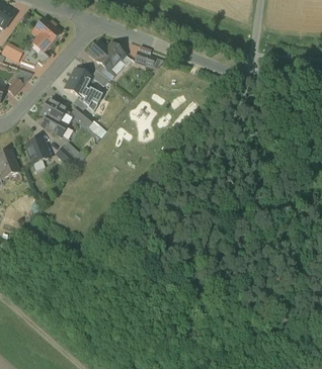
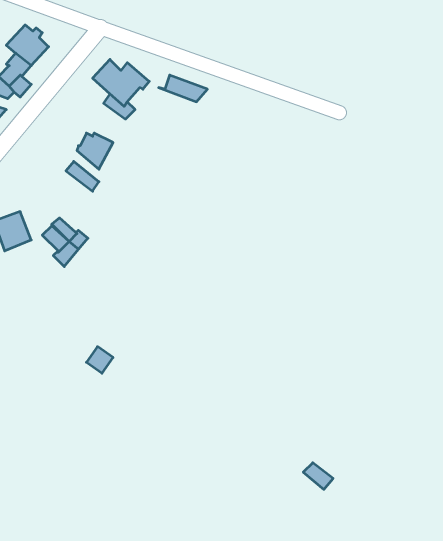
building: [66,68,92,95] -> none
building: [41,98,67,134] -> none

